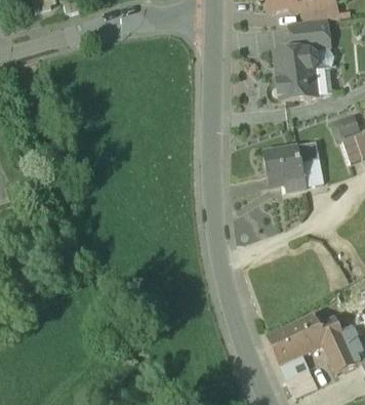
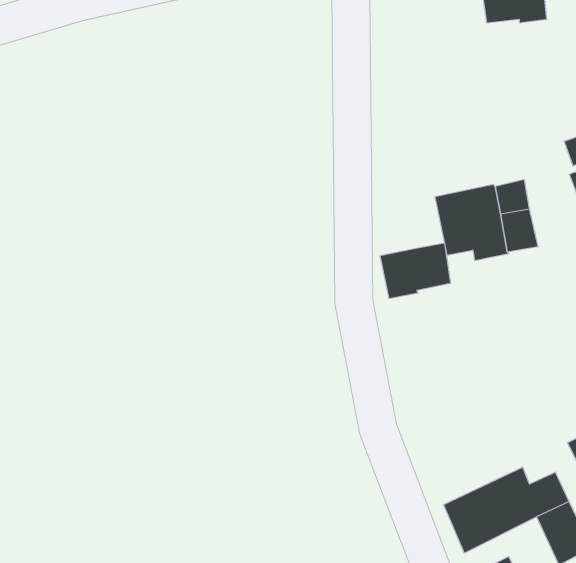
building: [276,46,323,98] -> none
building: none -> [380,243,451,299]

